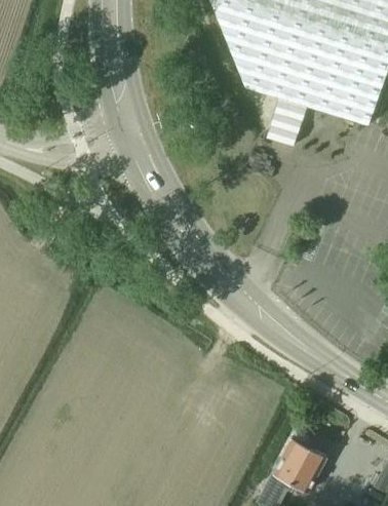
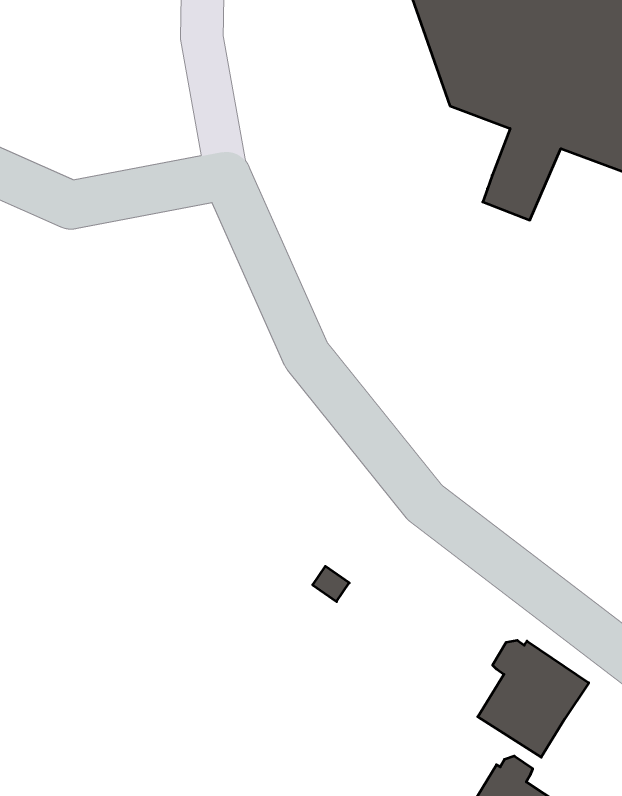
building: none -> [478,640,589,757]

